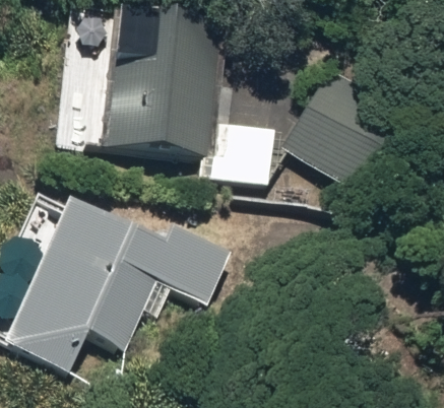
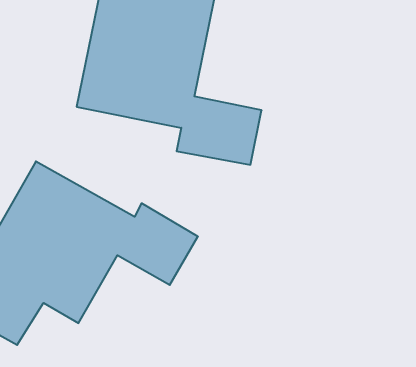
building: [280,70,410,198] -> none

